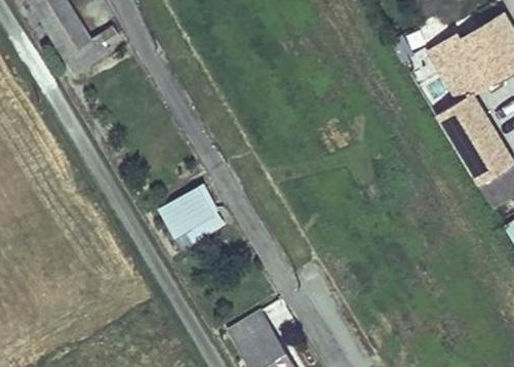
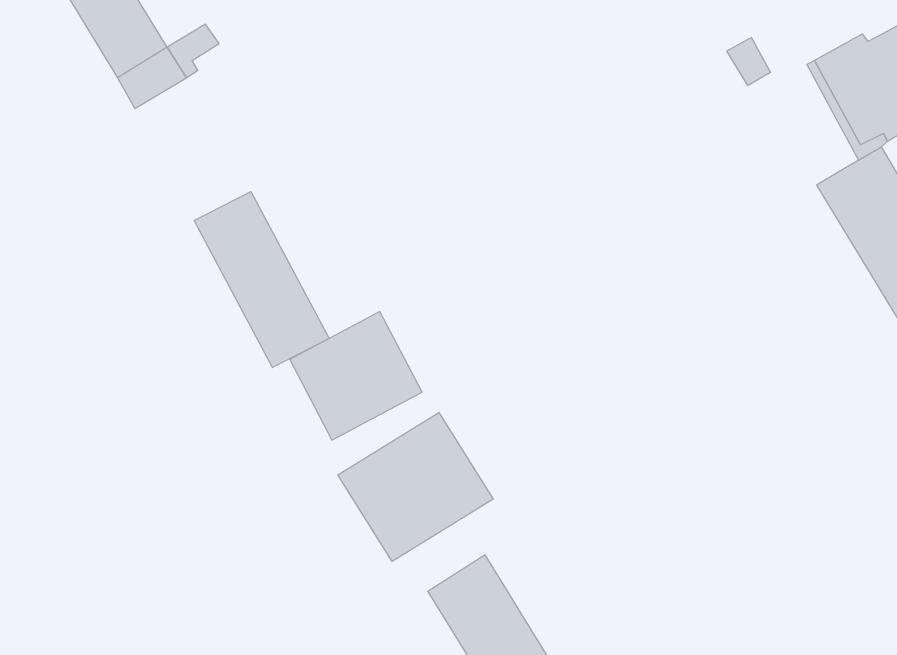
building: none -> [194,192,329,368]
building: none -> [338,412,493,562]

